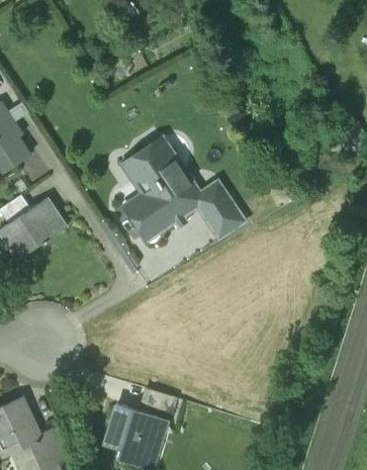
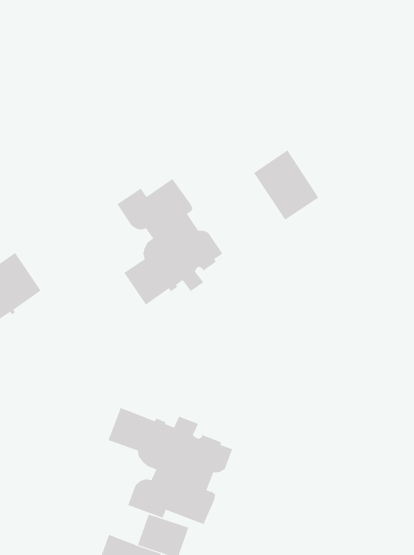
building: [195,186,244,239] -> [253,149,319,221]
building: none -> [108,407,233,525]

